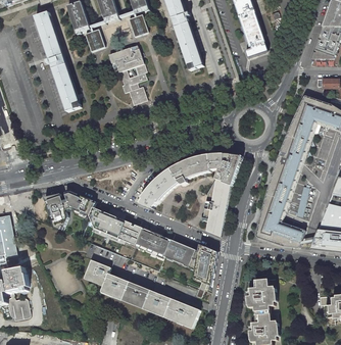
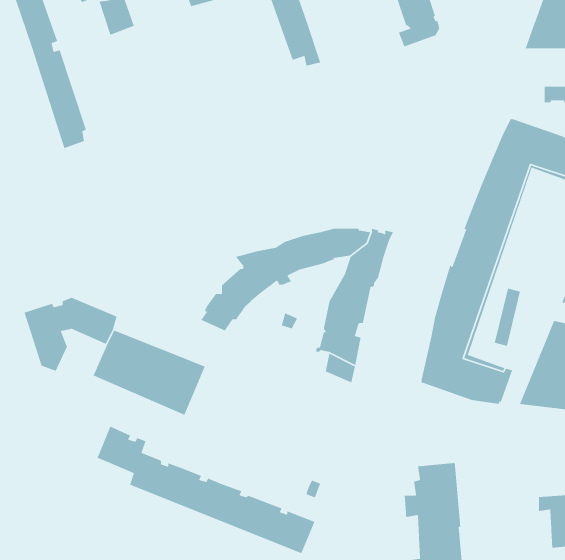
building: [108,45,146,105] -> none
building: [134,228,217,286] -> none

